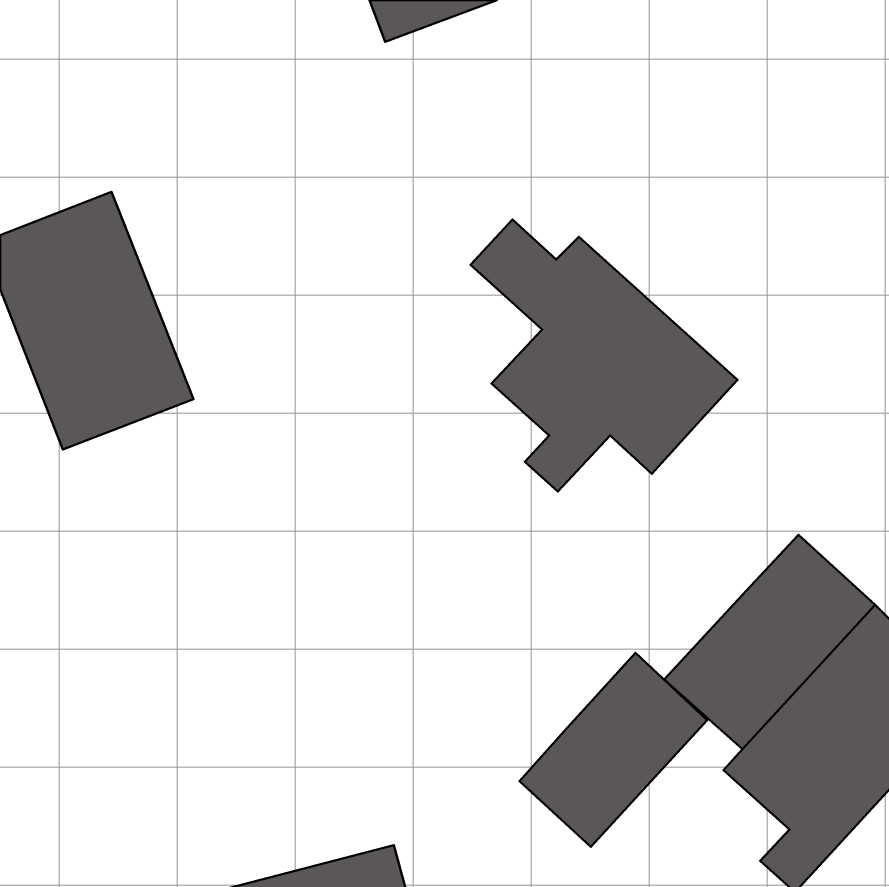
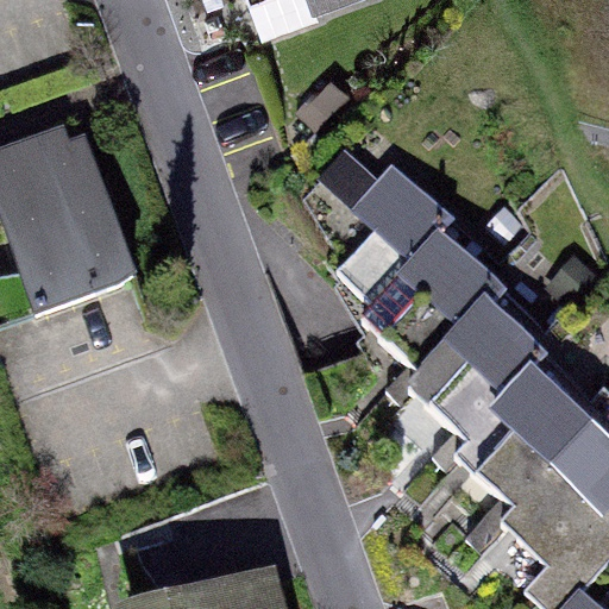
building: none -> [402,289,554,426]
building: [520,653,707,847] -> none

